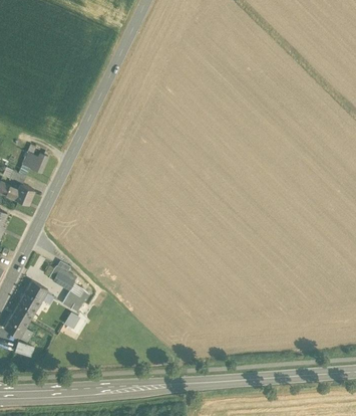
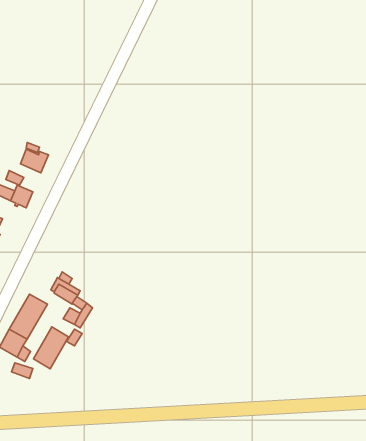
building: none -> [33,327,69,369]

